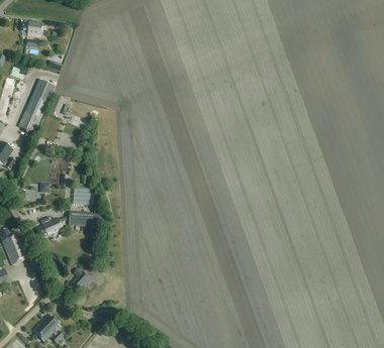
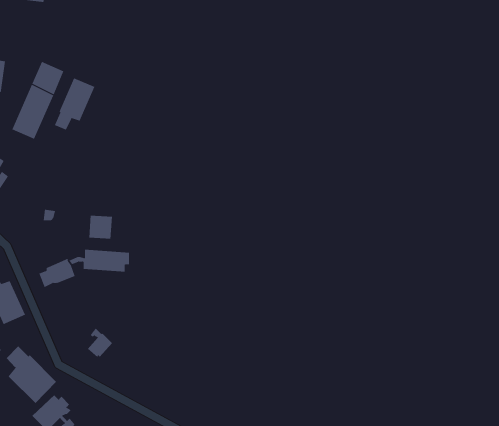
building: none -> [54,78,95,131]
building: none -> [6,346,57,404]

